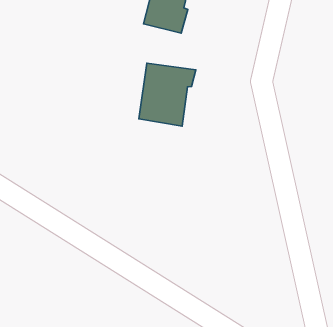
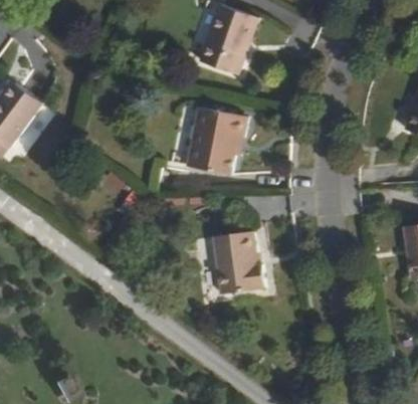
building: none -> [217,227,263,288]

